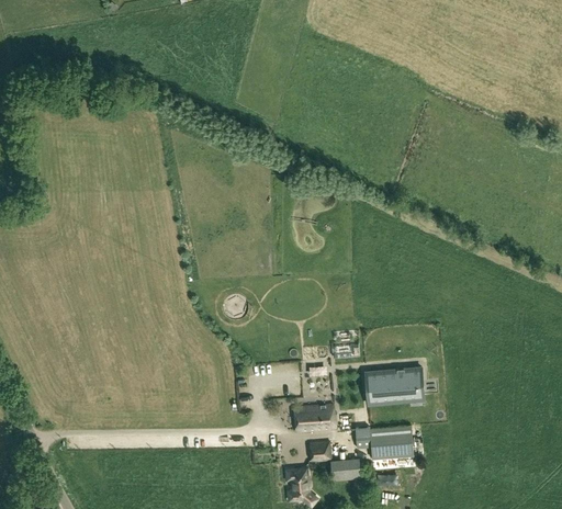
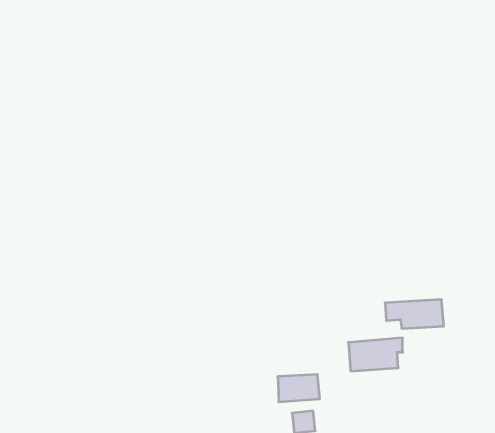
building: [355,425,413,453] -> [385,300,444,328]

